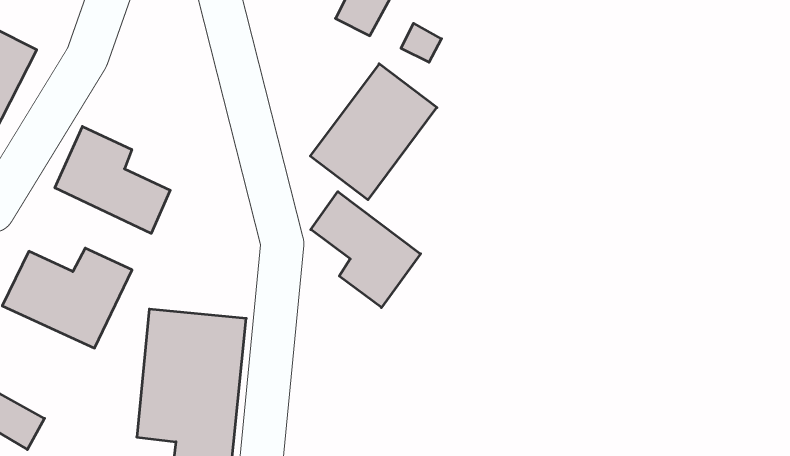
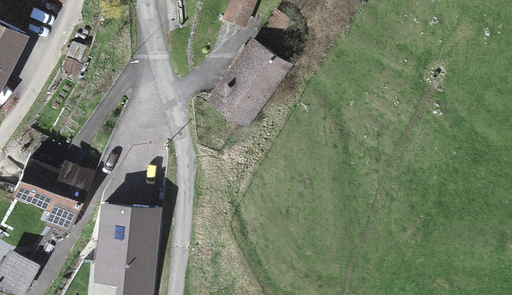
building: [55,126,170,233] -> none
building: [311,192,421,308] -> none

